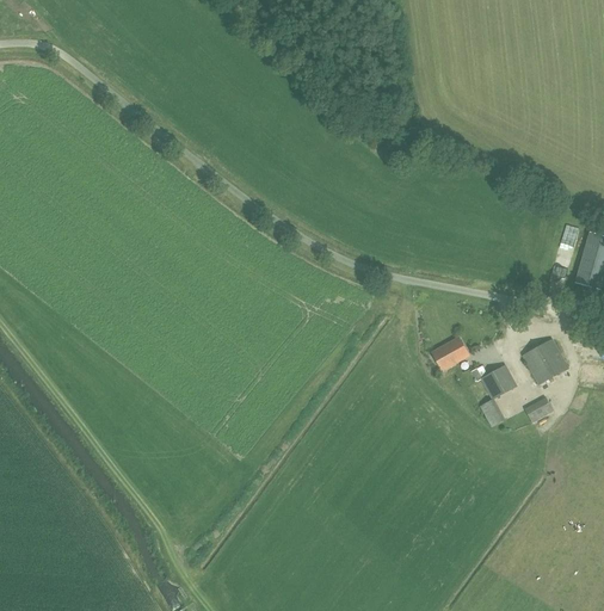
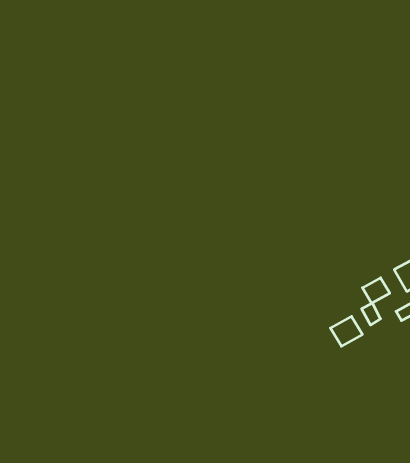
building: [432,337,469,370] -> none
building: none -> [330,316,362,346]

